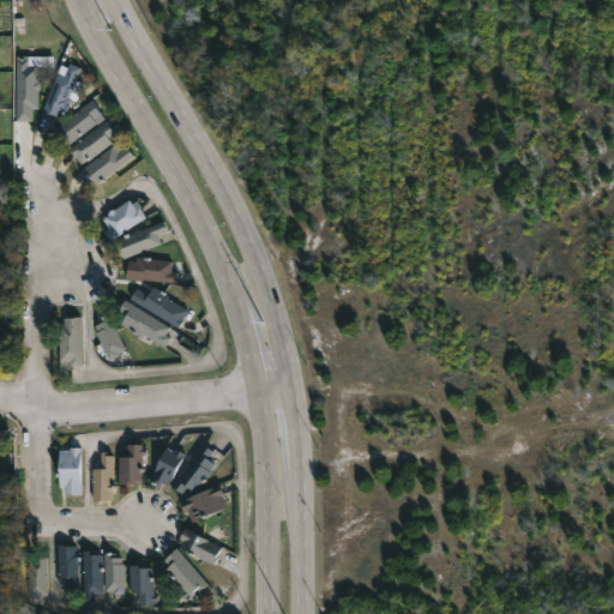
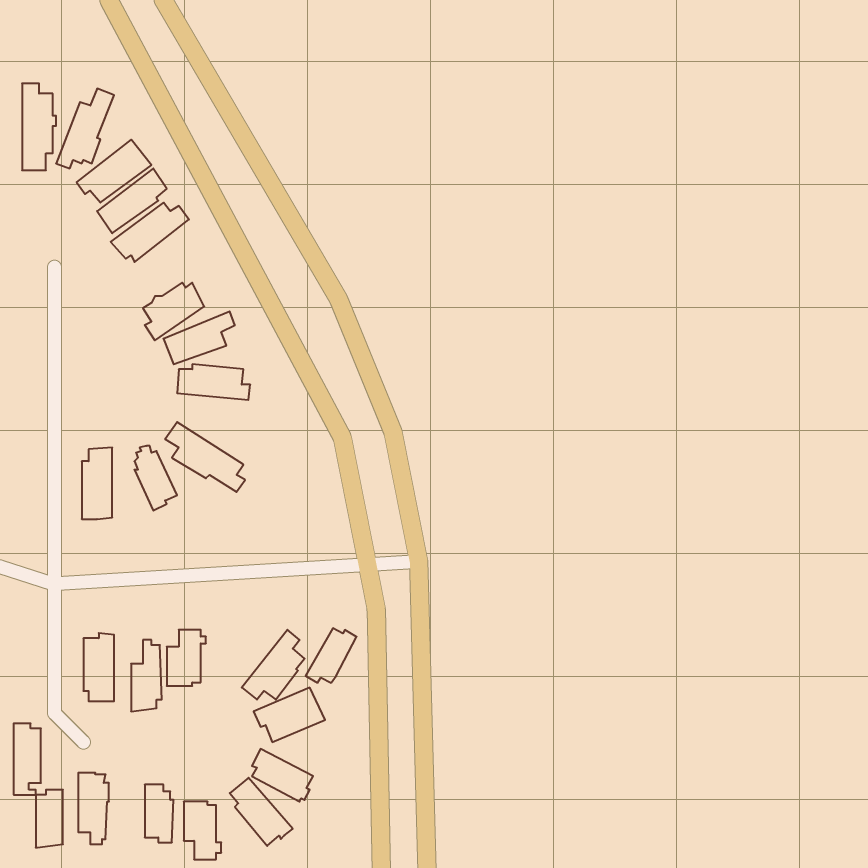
building: [131,287,188,329] -> none
building: [149,447,185,486] -> [306,628,357,683]
building: [83,552,102,602] -> [14,723,41,795]

